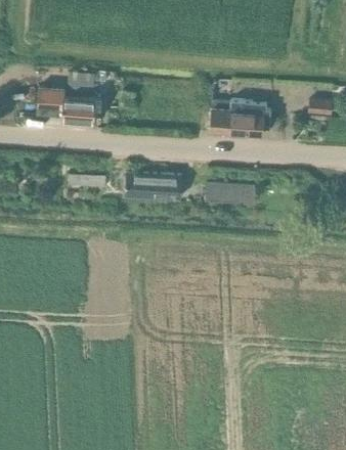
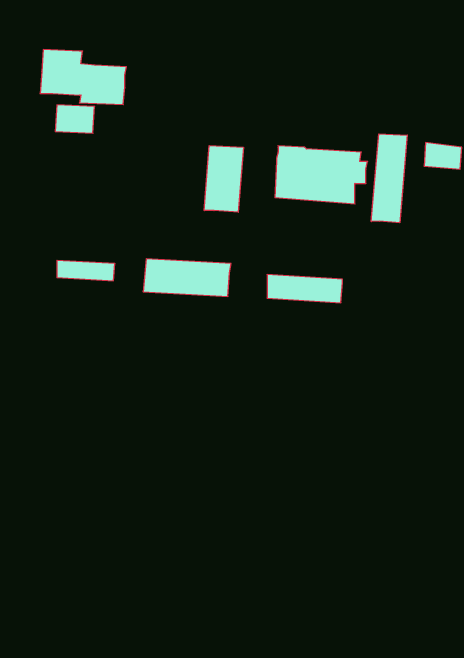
building: [38,87,94,123] -> [40,50,126,105]
building: none -> [371,134,407,223]
building: none -> [204,146,243,212]

